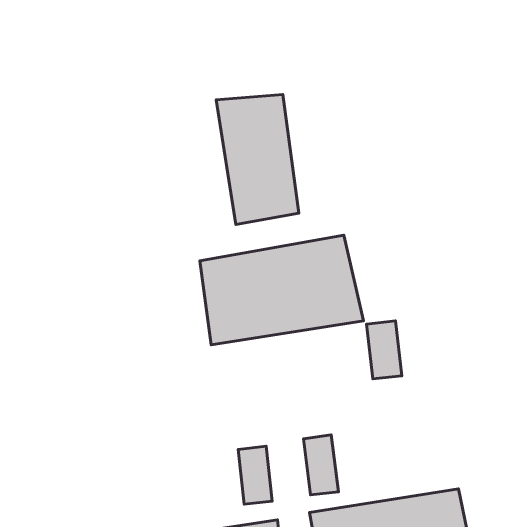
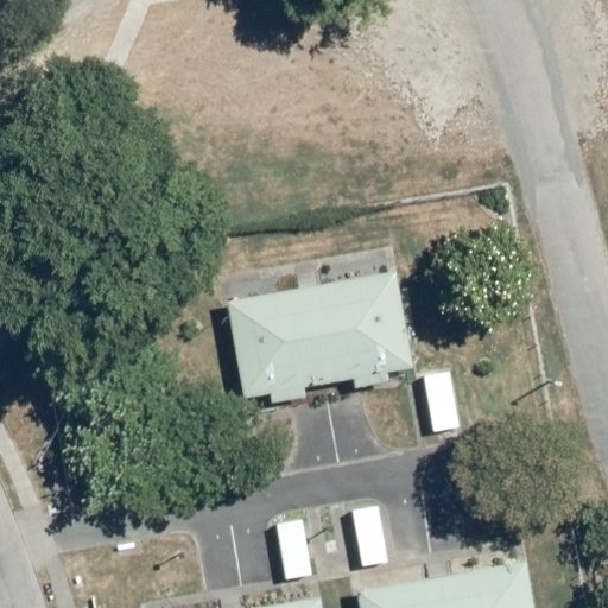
building: [216,94,299,225] -> none

